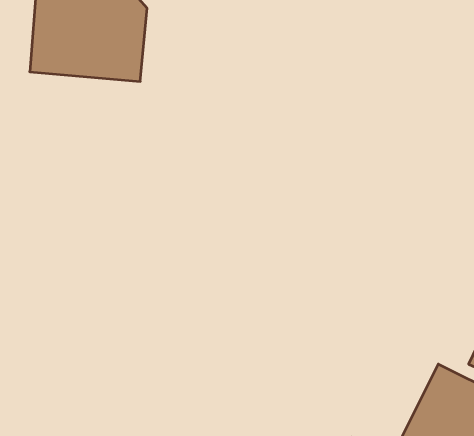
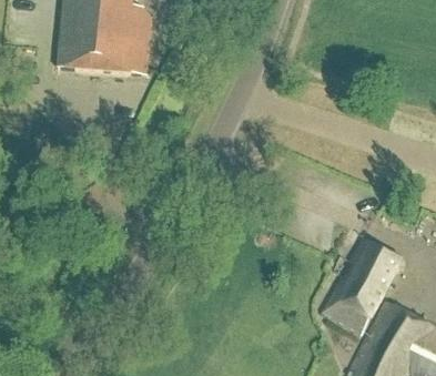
building: none -> [322,241,402,334]

